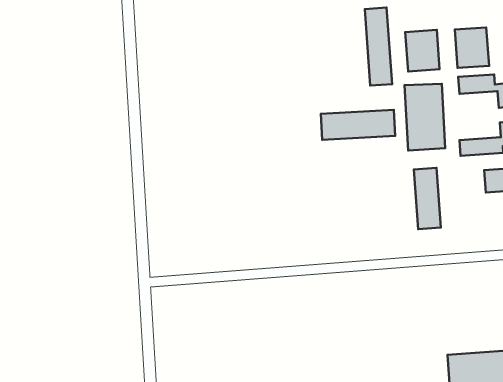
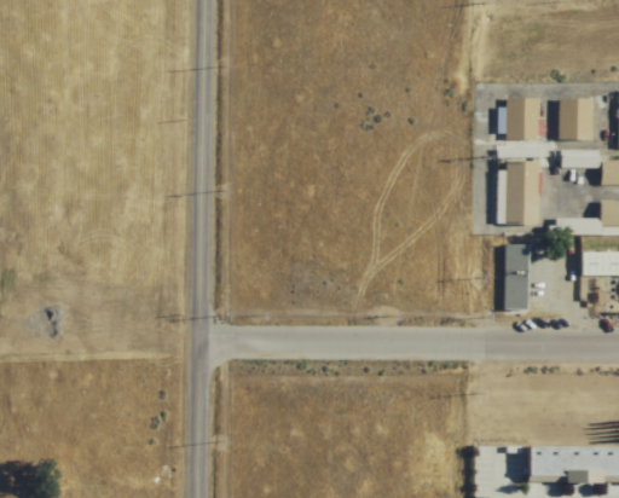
building: [365,7,392,86] -> none
building: [321,110,395,140] -> none

